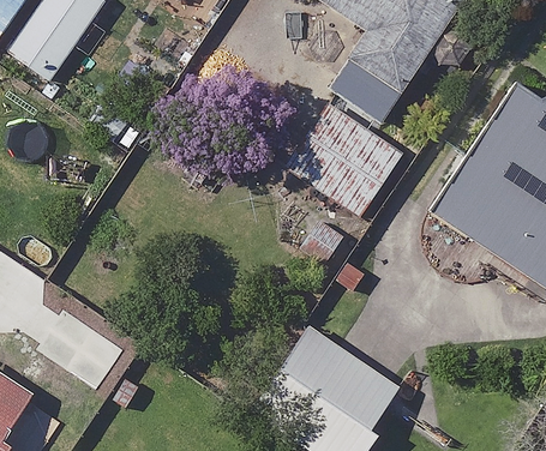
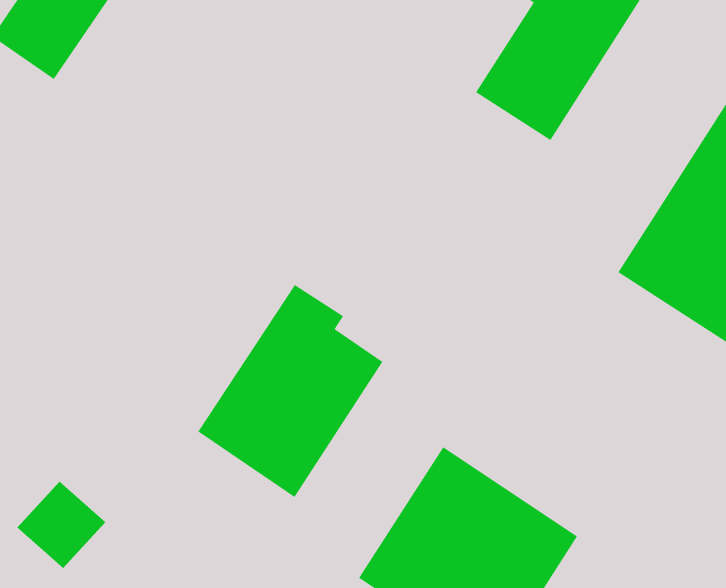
building: [287,104,402,215] -> none
building: none -> [197,284,383,498]

